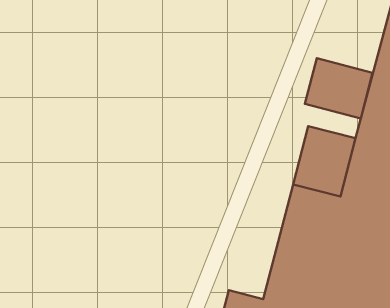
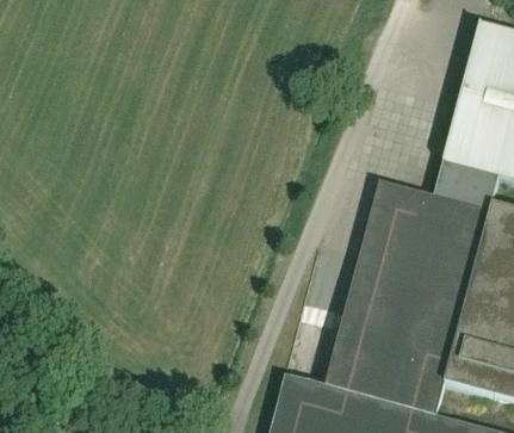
building: [305,58,373,119] -> none

